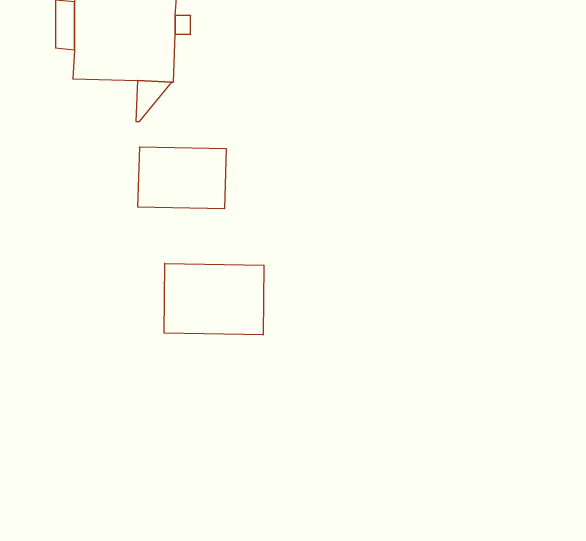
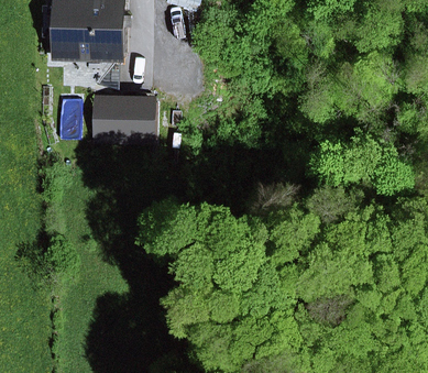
building: [164,263,264,335] -> none

